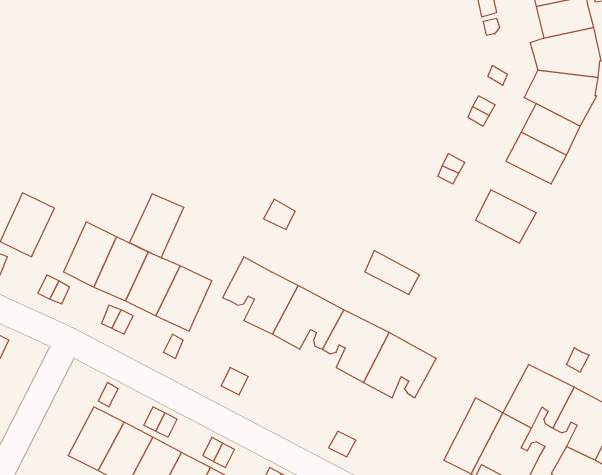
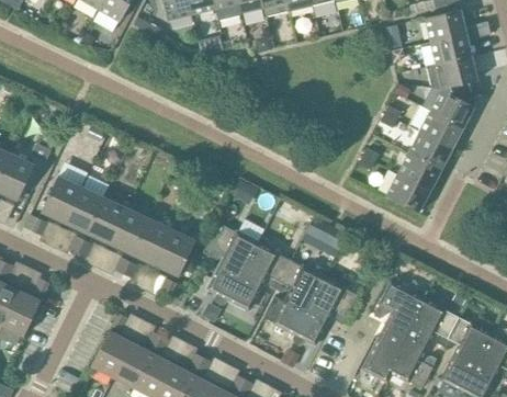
building: none -> [397,154,441,191]
building: [129,194,184,258] -> [65,188,104,234]
building: none -> [207,269,259,310]
building: none -> [375,283,425,336]
building: none -> [263,297,326,347]

